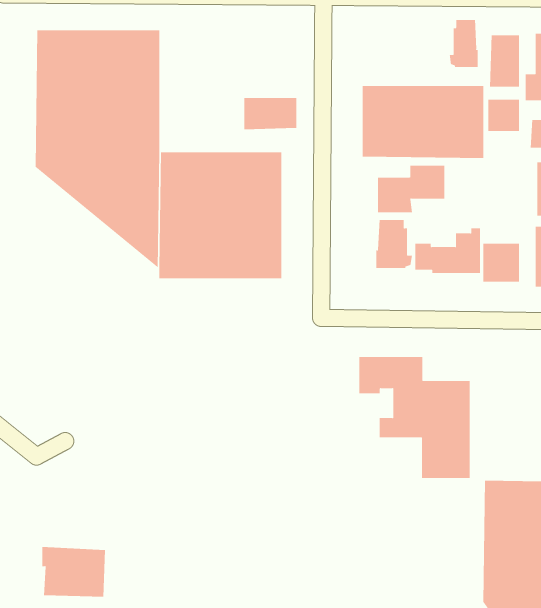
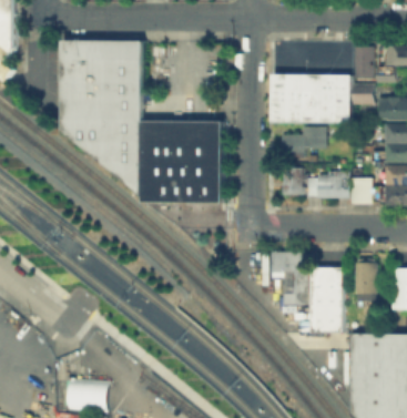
building: [449,19,478,68] -> none
building: [244,97,297,130] -> none
building: none -> [357,258,378,300]

